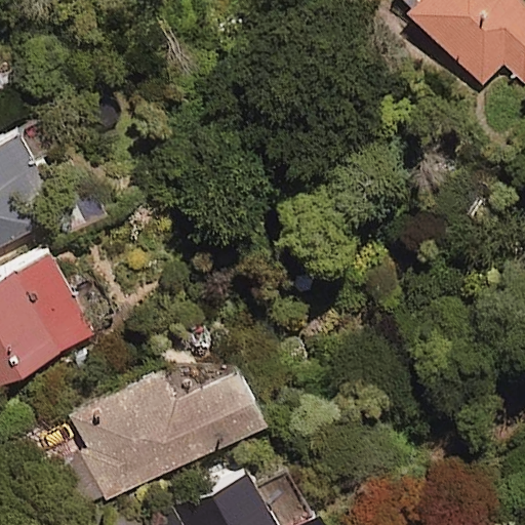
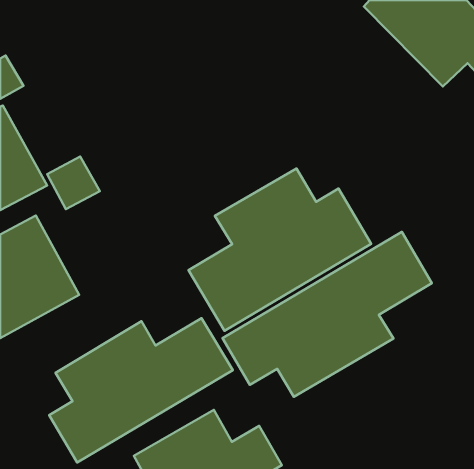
building: none -> [189,169,371,331]
building: none -> [223,232,432,397]

